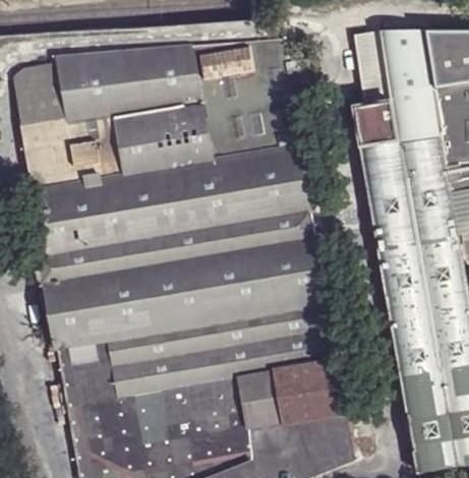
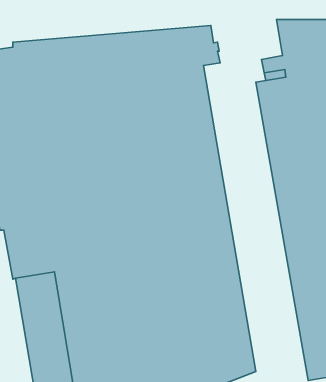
building: [352,31,385,79] -> none

